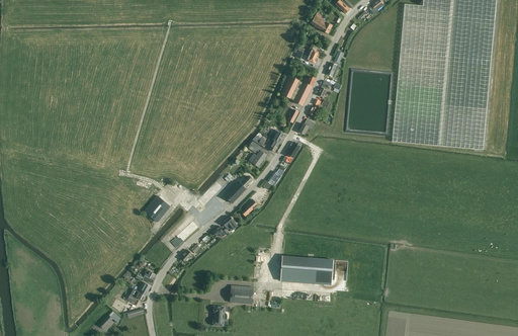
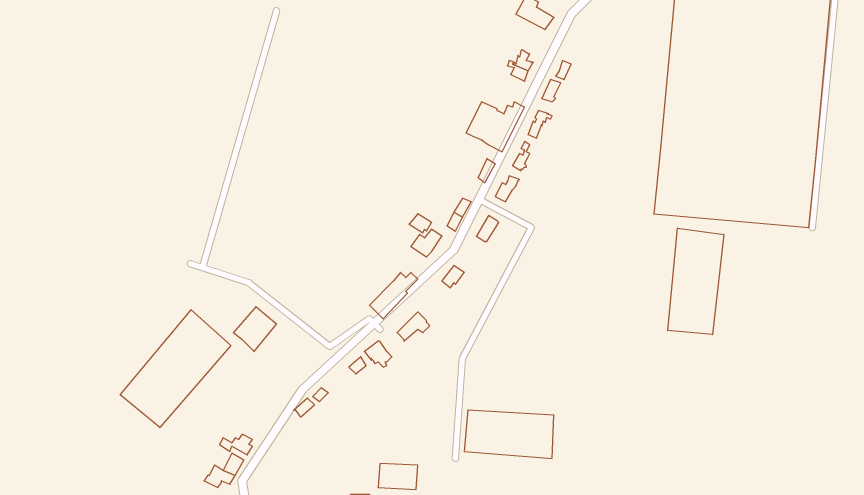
building: none -> [668,228,724,335]
building: none -> [120,310,231,428]

